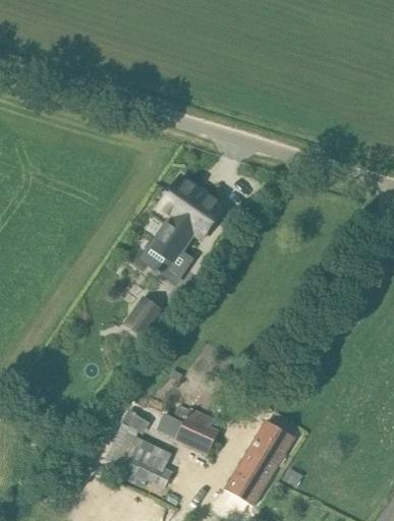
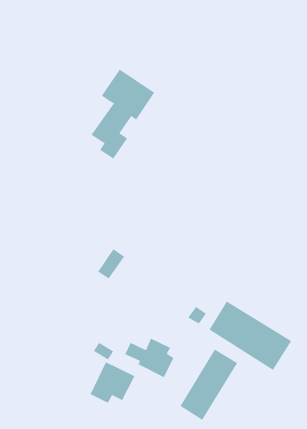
building: [147,176,224,285] -> [91,69,155,160]
building: none -> [209,300,292,371]

